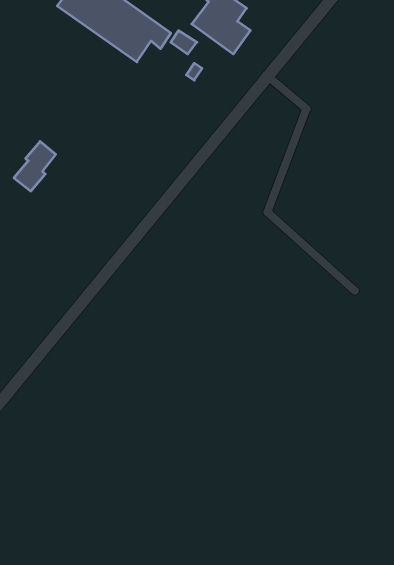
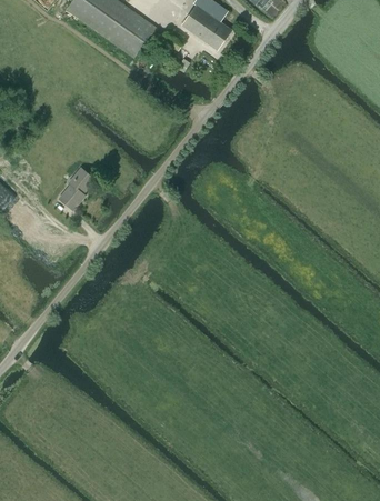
building: [14,141,56,191] -> [58,167,93,209]

